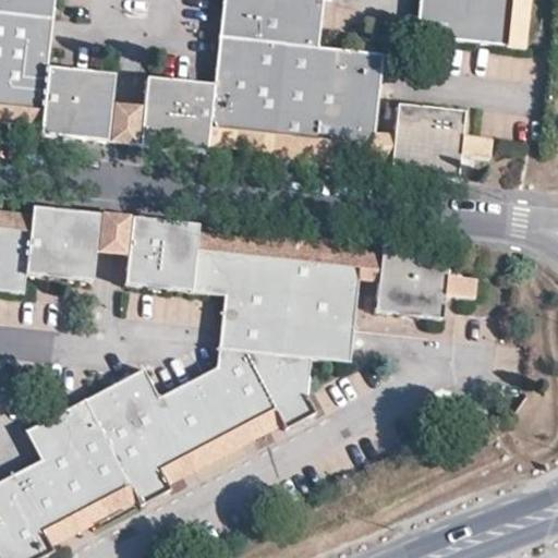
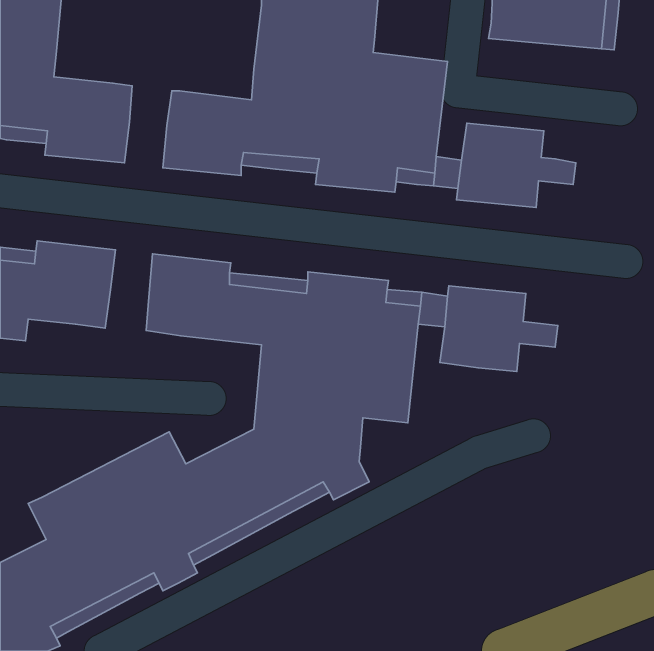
building: [107,104,143,143] -> none
building: [95,213,131,253] -> none

